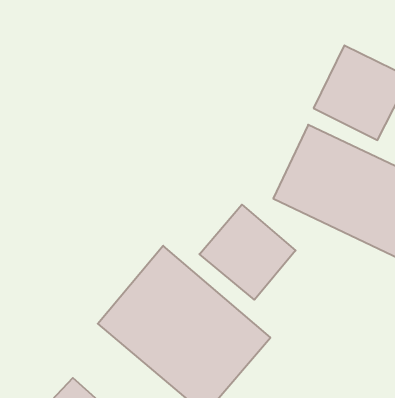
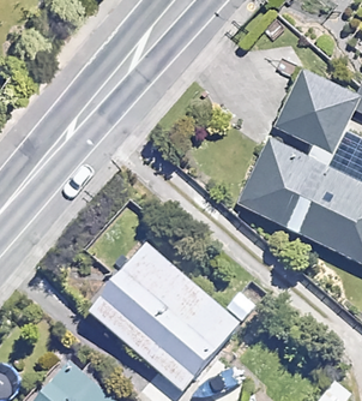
building: [199,205,296,300] -> none

